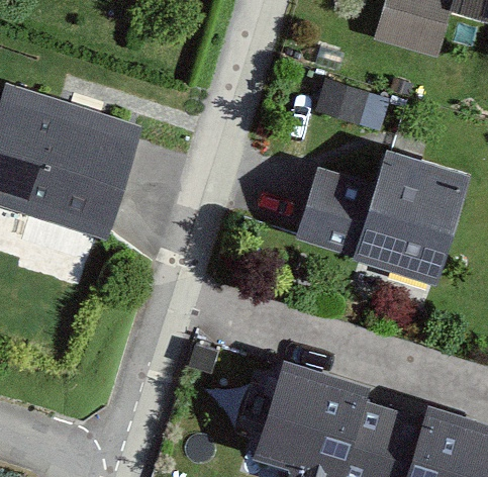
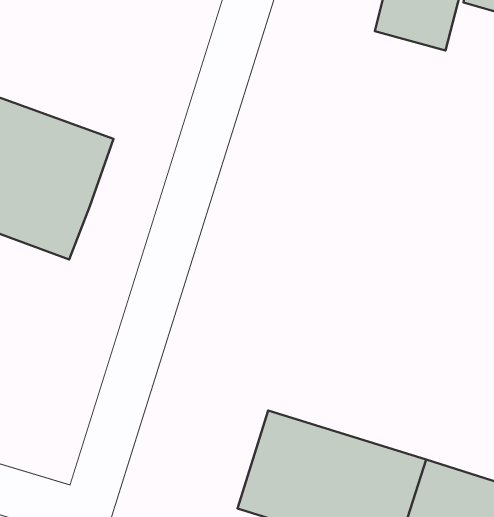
building: [299,151,472,285] -> none

